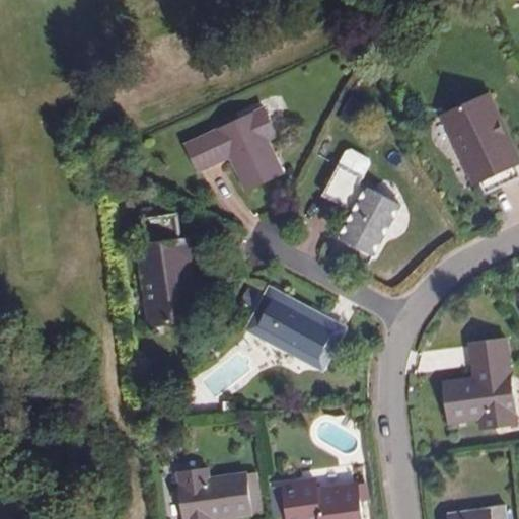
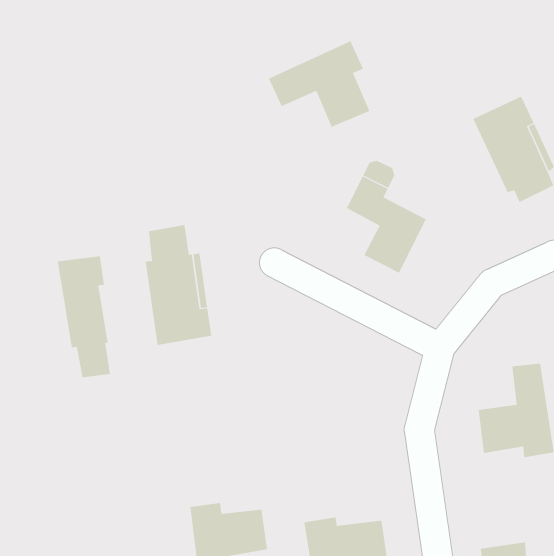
building: [184,108,280,190] -> [268,40,370,128]
building: none -> [57,255,111,378]
building: [250,292,338,363] -> none

